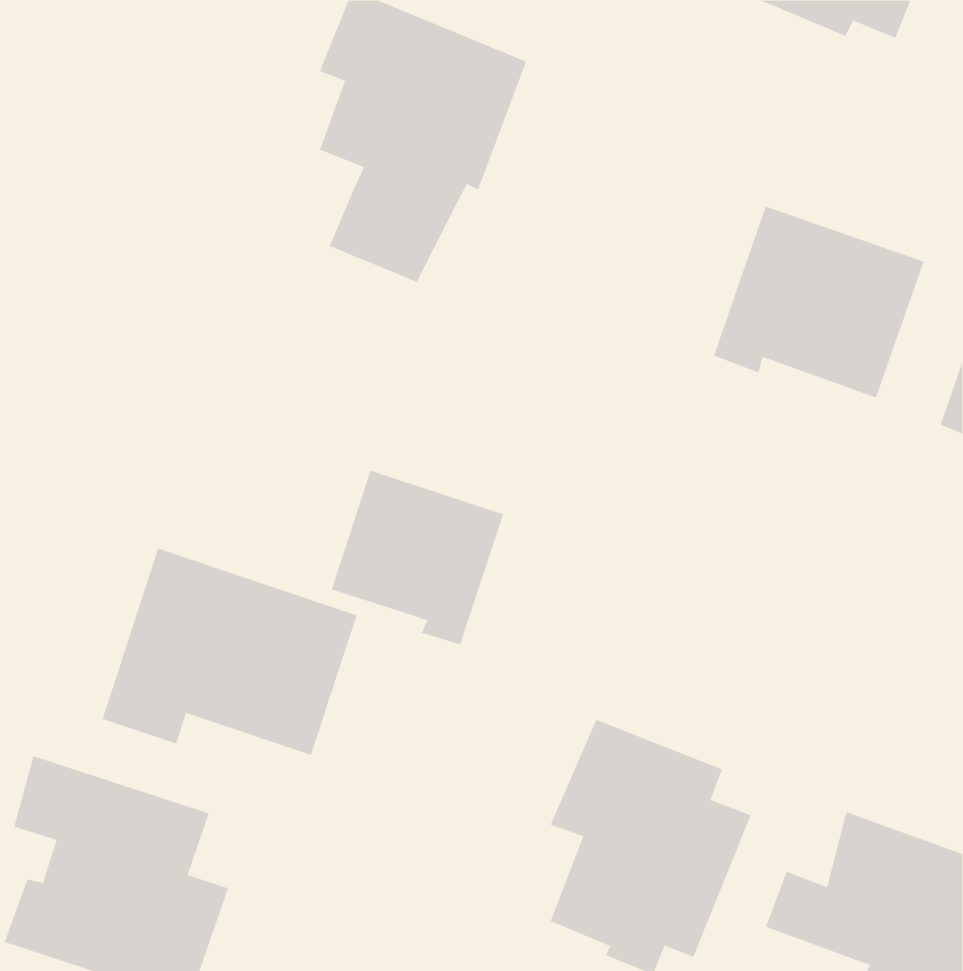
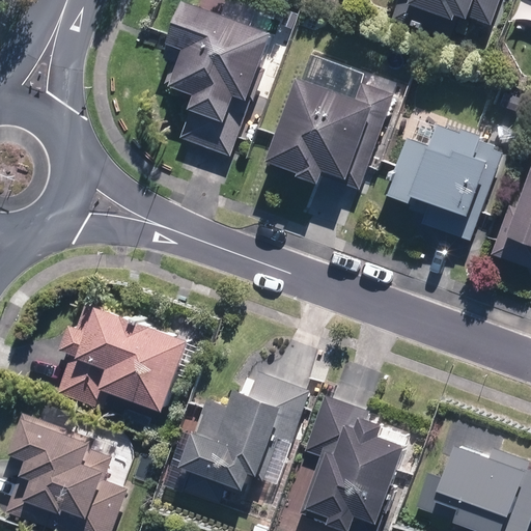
building: none -> [264,56,402,187]
building: [331,470,504,645] -> none
building: none -> [184,370,307,488]

